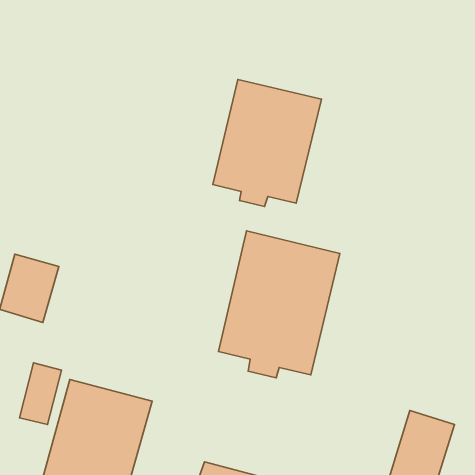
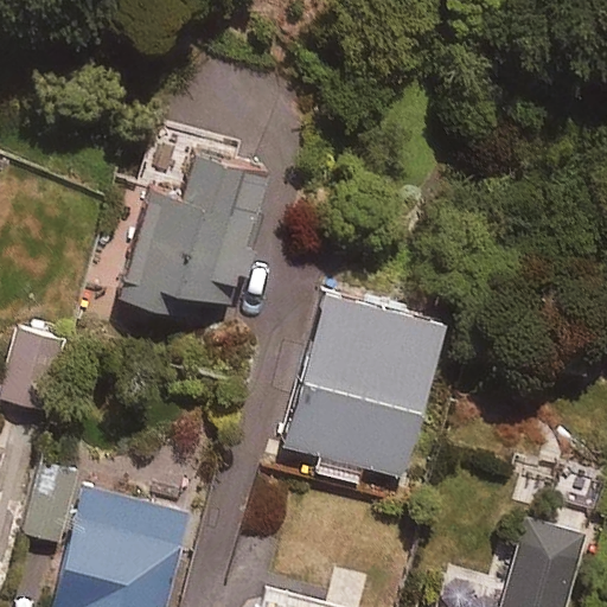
building: [213,79,322,207] -> none
building: none -> [124,147,273,313]

